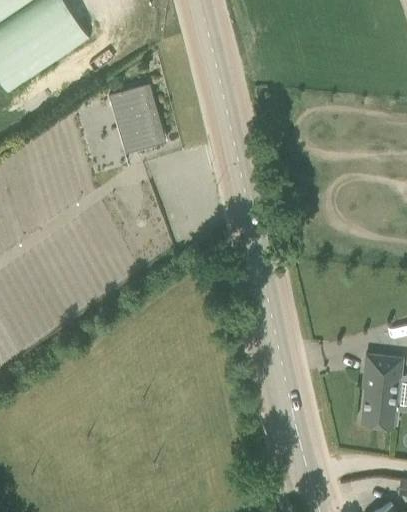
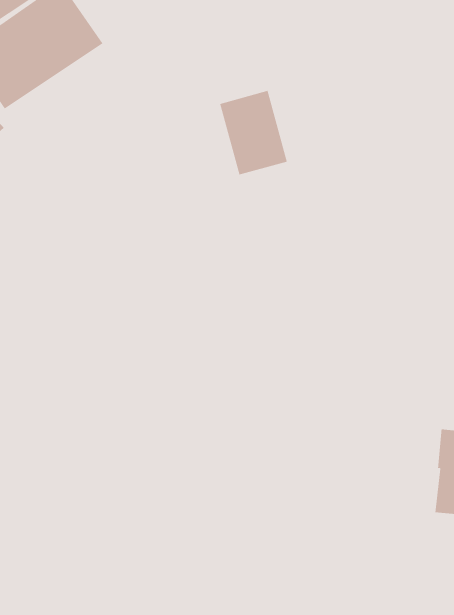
building: [109,82,165,152] -> [219,90,288,175]

